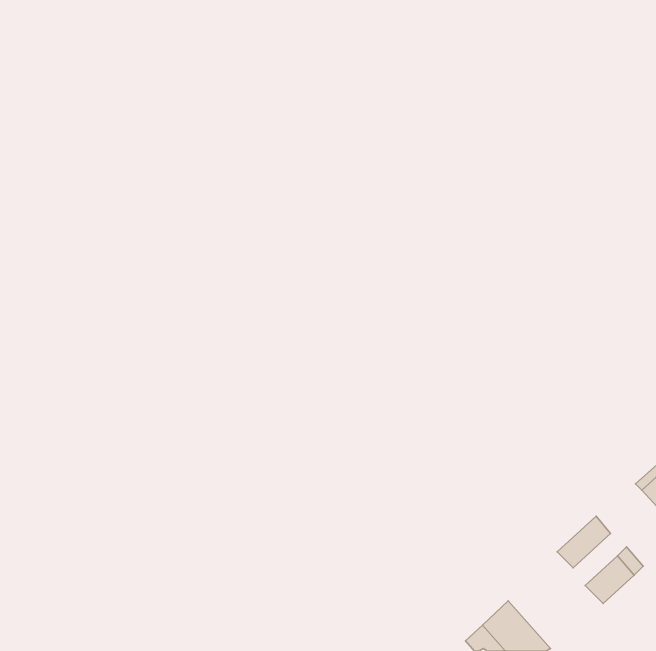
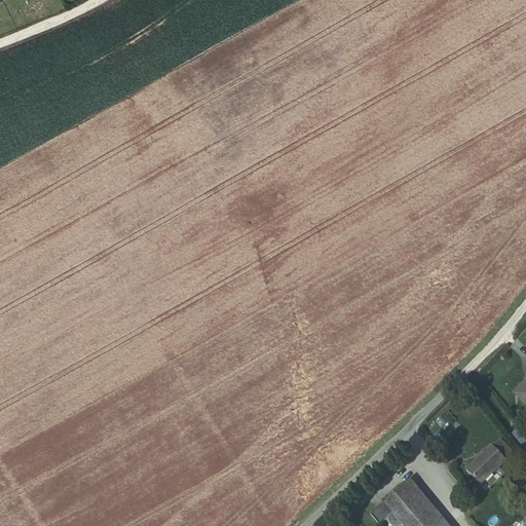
building: [557,516,610,568] -> none

